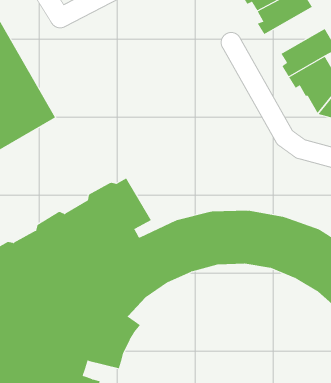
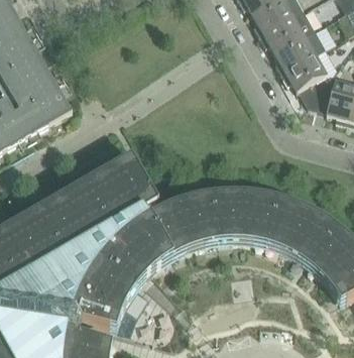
building: none -> [258,9,314,51]

